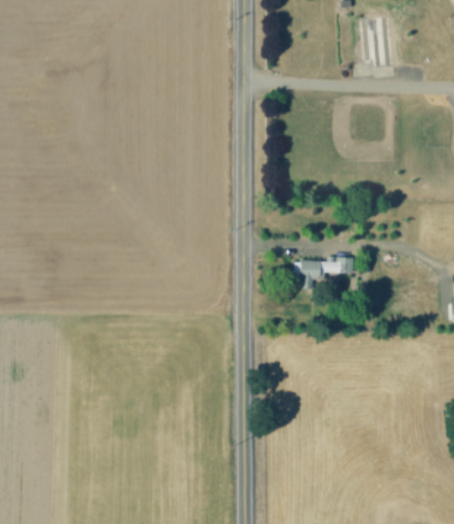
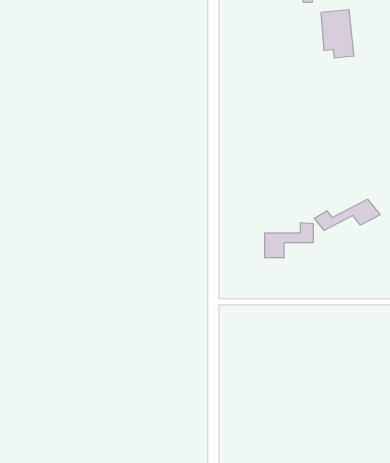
building: none -> [314,199,380,230]

